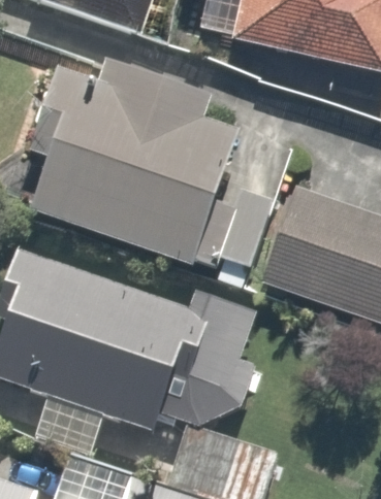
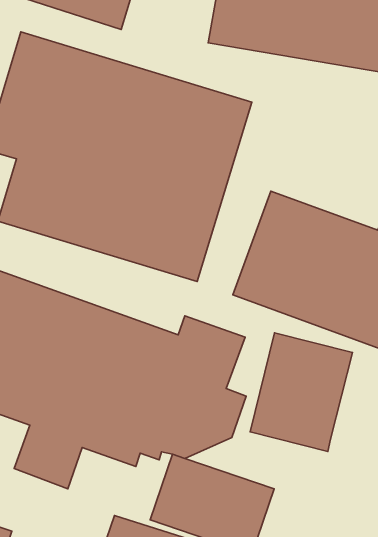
building: none -> [250,333,352,451]

